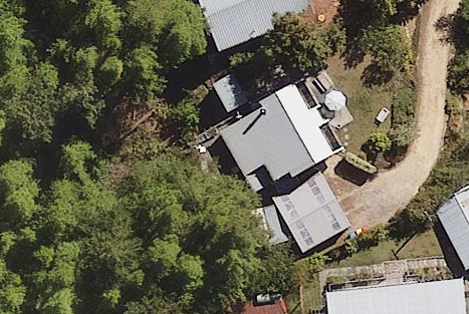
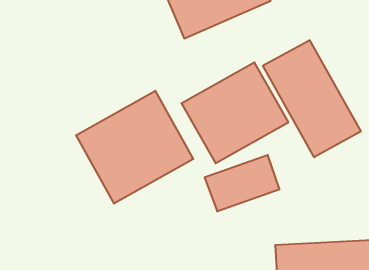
building: none -> [263,40,361,157]
building: none -> [76,91,193,204]

